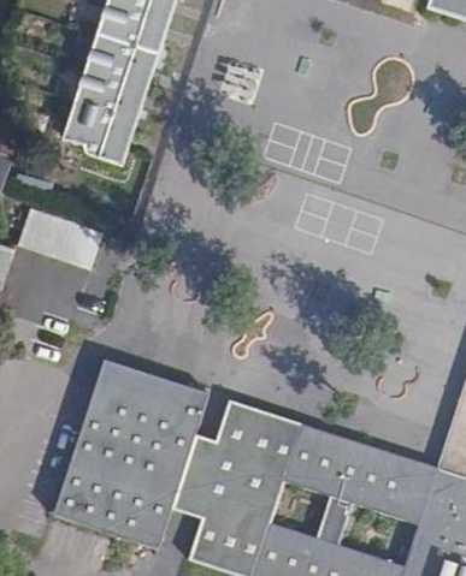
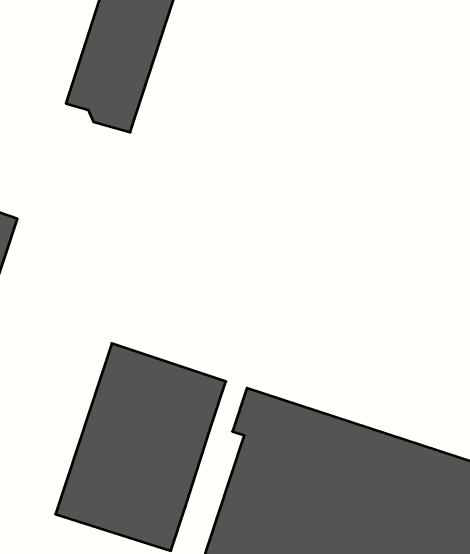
building: [22,204,107,266] -> none
building: [172,434,226,519] -> none

